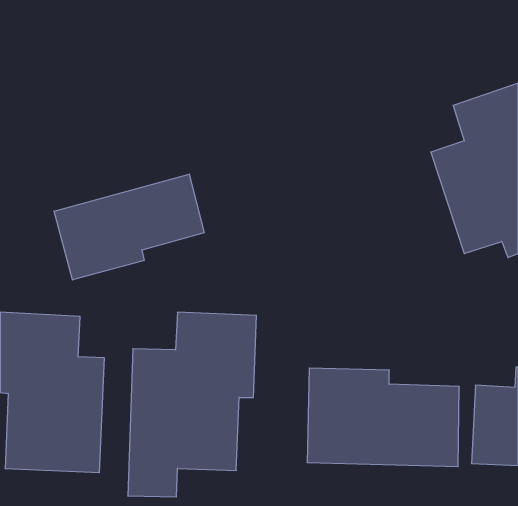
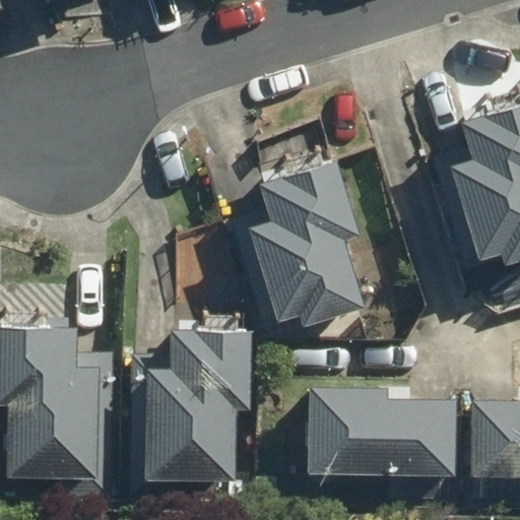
building: none -> [230,154,369,331]
building: [54,174,204,280] -> none

